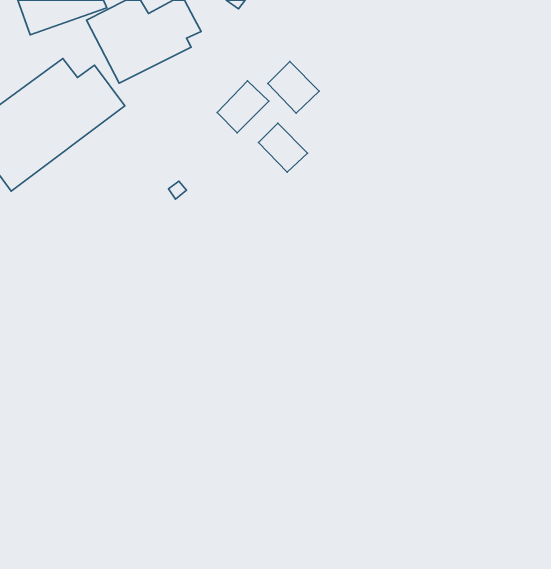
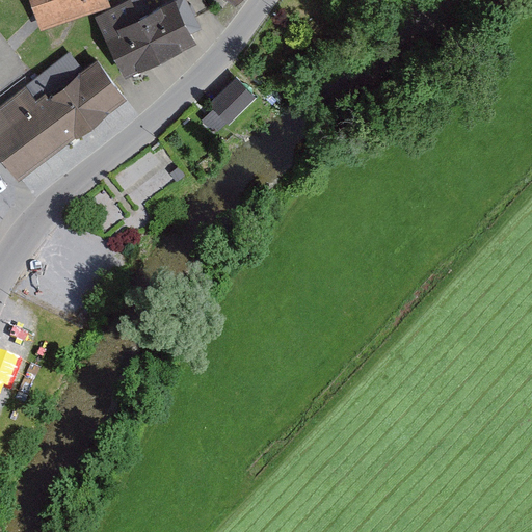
building: [268,62,319,113] -> none
building: [259,123,307,172] -> none

